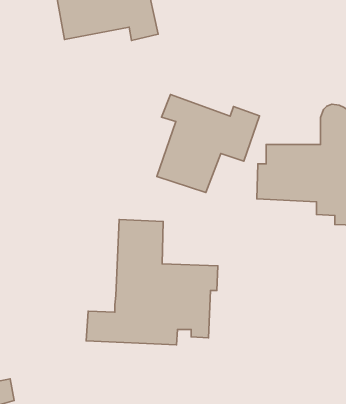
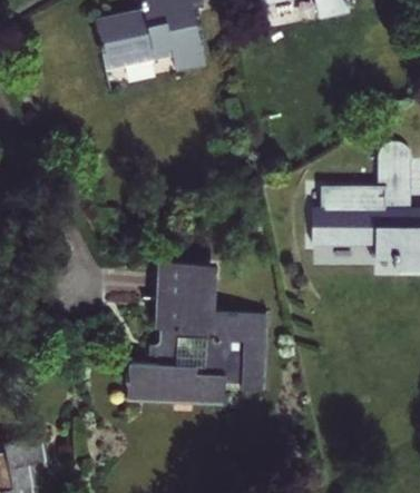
building: [157,95,259,193] -> none

